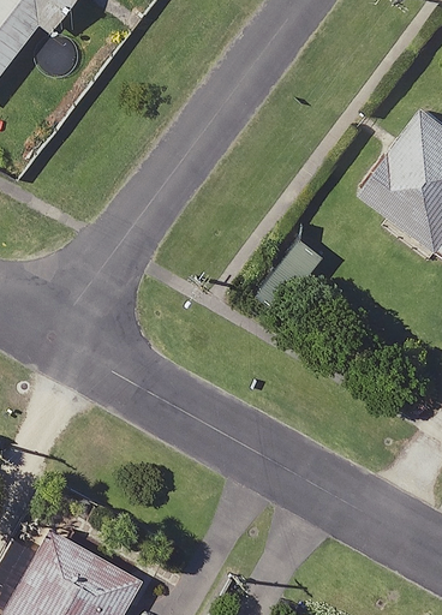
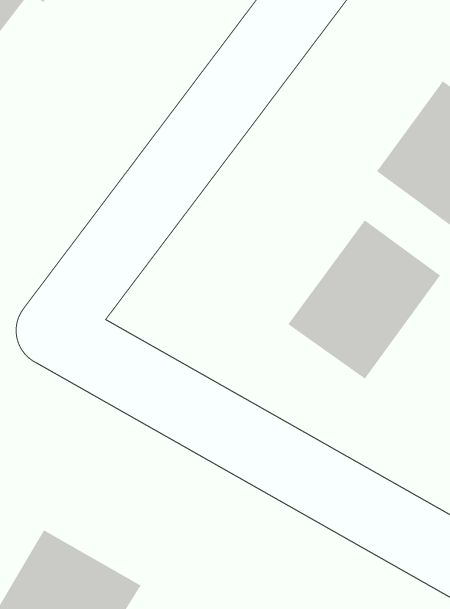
building: none -> [287,219,441,380]

